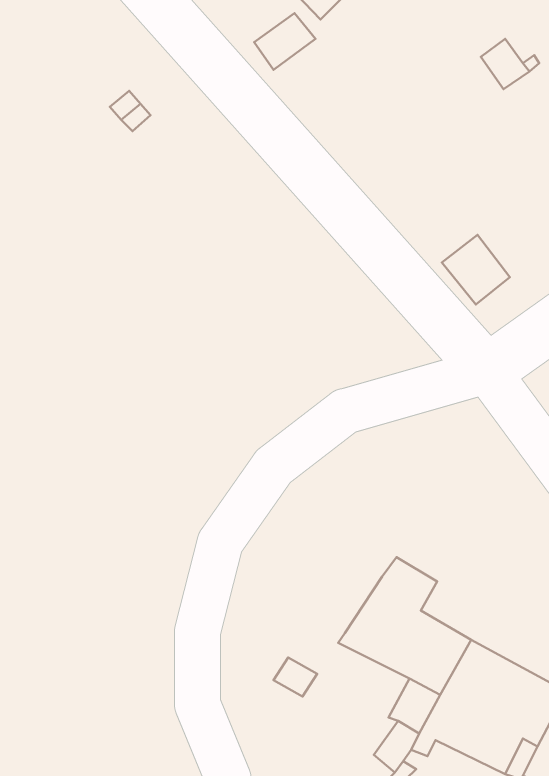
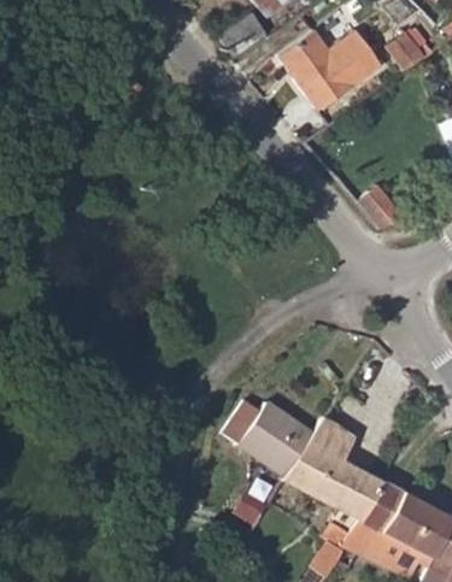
building: none -> [280,28,383,108]
building: none -> [224,399,316,474]

